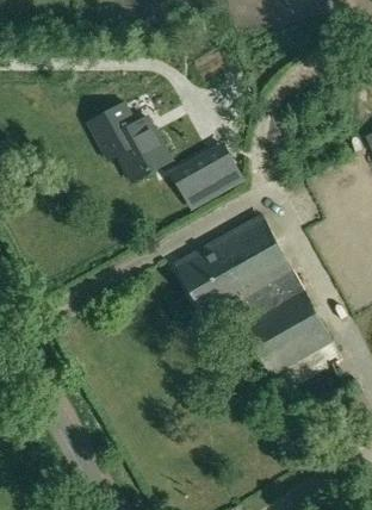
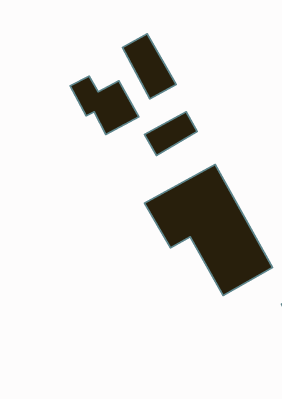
building: none -> [123,34,176,99]

